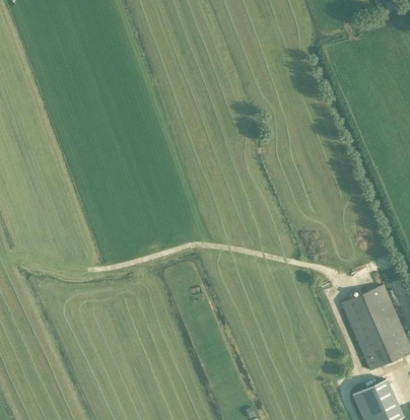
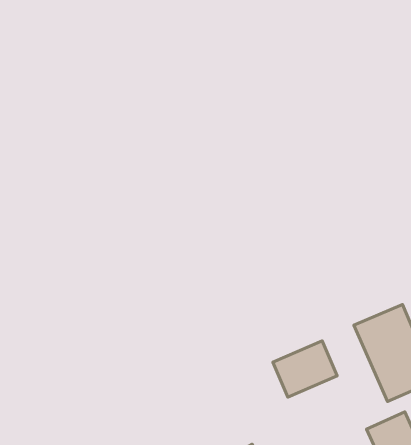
building: none -> [273,341,337,397]

